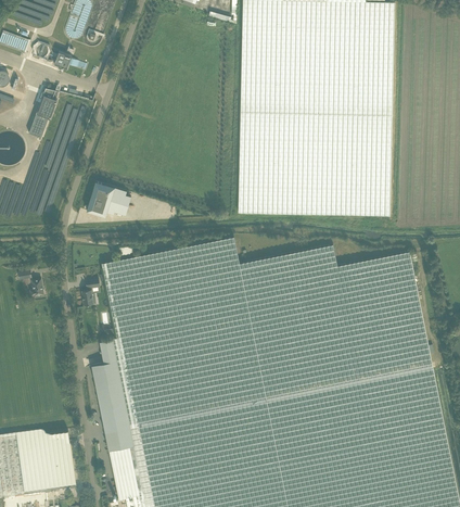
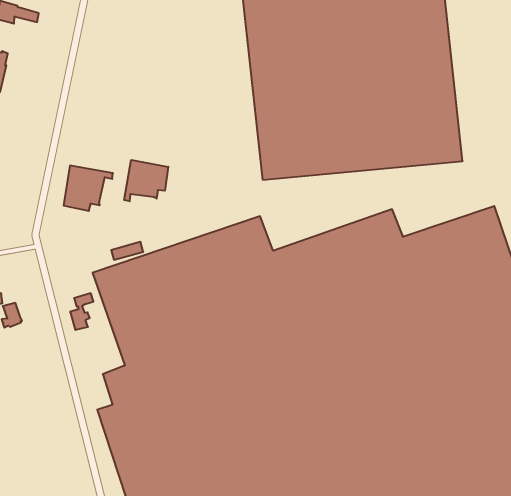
building: none -> [124,160,168,201]

